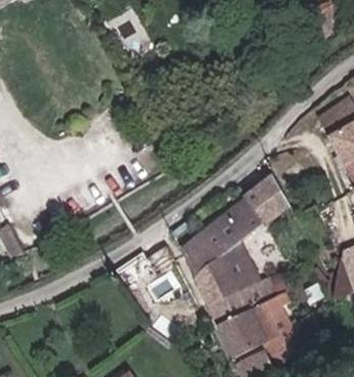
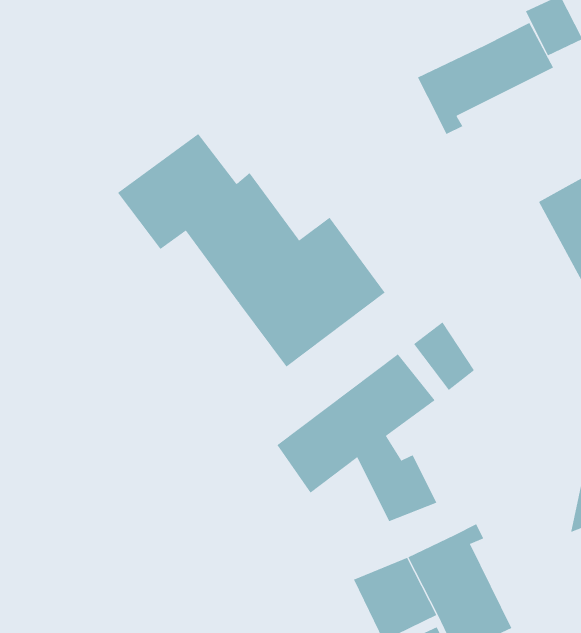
building: none -> [417,22,554,135]
building: none -> [117,133,386,367]
building: [192,255,271,322] -> none

